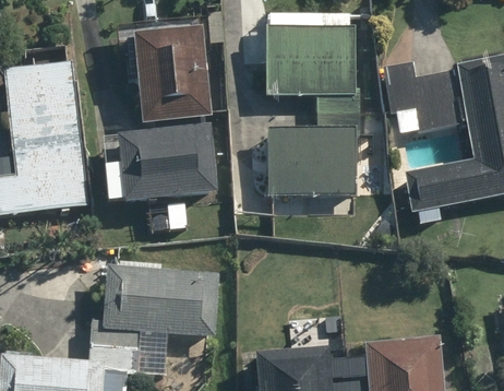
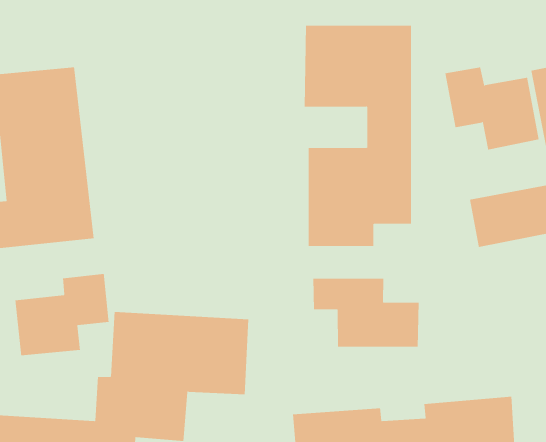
building: [119,27,217,202] -> none
building: none -> [15,273,109,356]
building: none -> [313,278,419,348]

